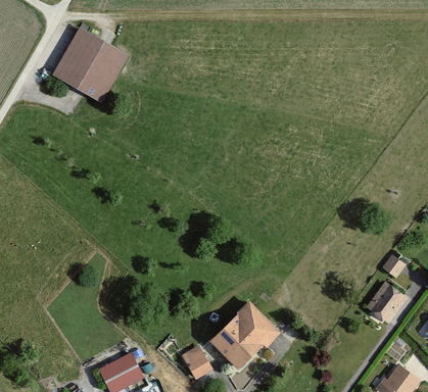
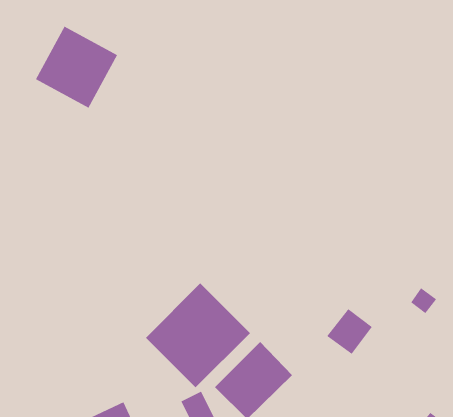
building: none -> [145,282,251,388]
building: [366,282,407,323] -> [326,308,373,355]

